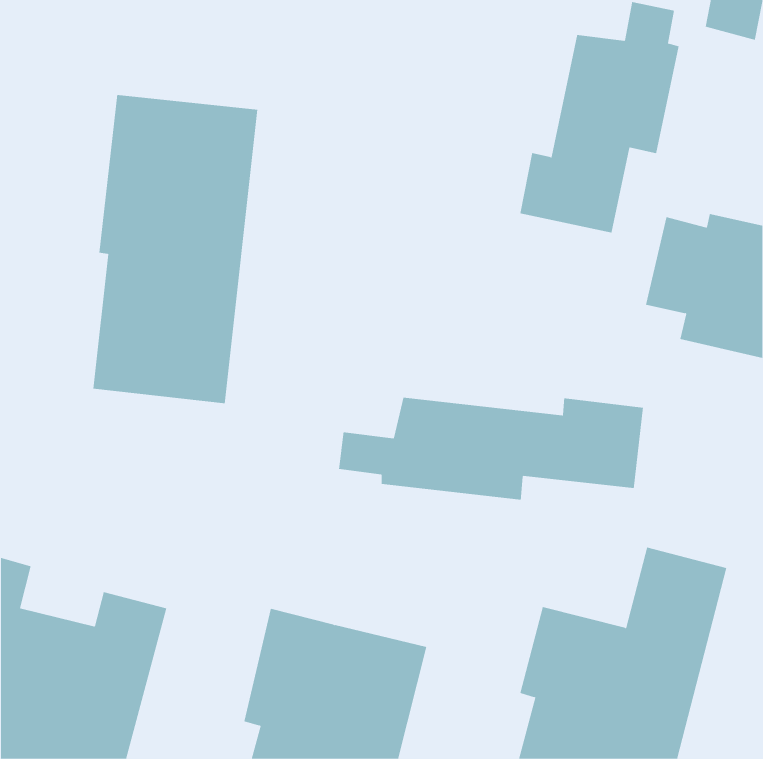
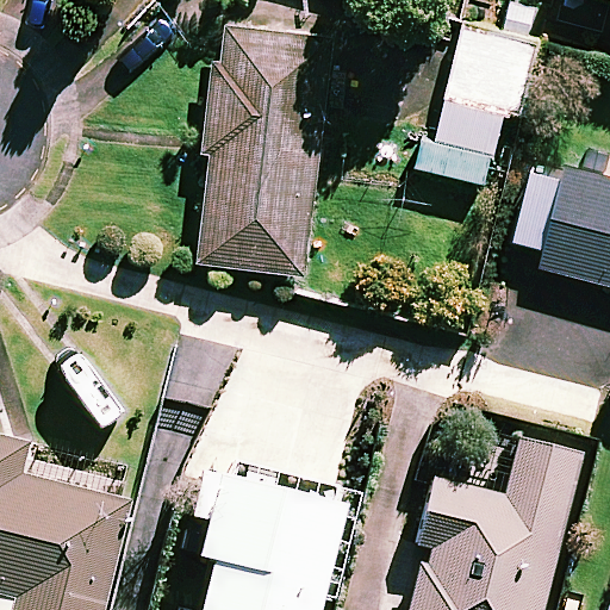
building: [93,94,258,404] -> [201,29,334,275]
building: [339,397,643,500] -> none

